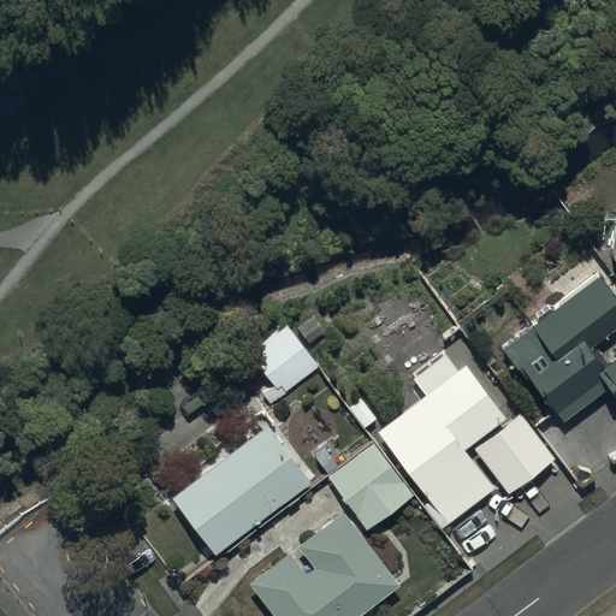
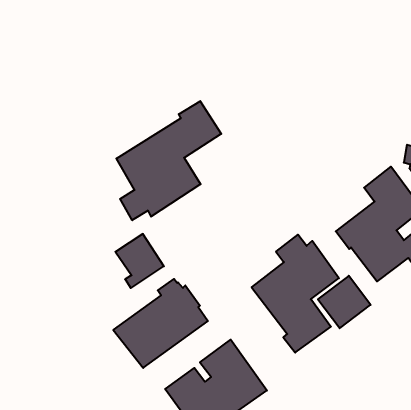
building: none -> [116,101,221,220]
building: [250,326,322,407] -> [115,234,164,288]
building: [328,442,415,531] -> none

